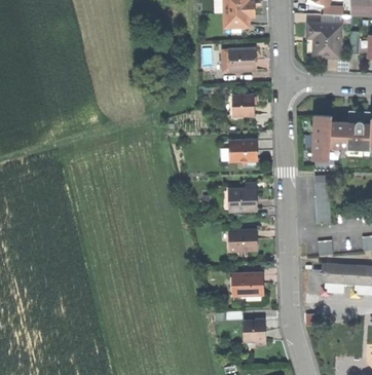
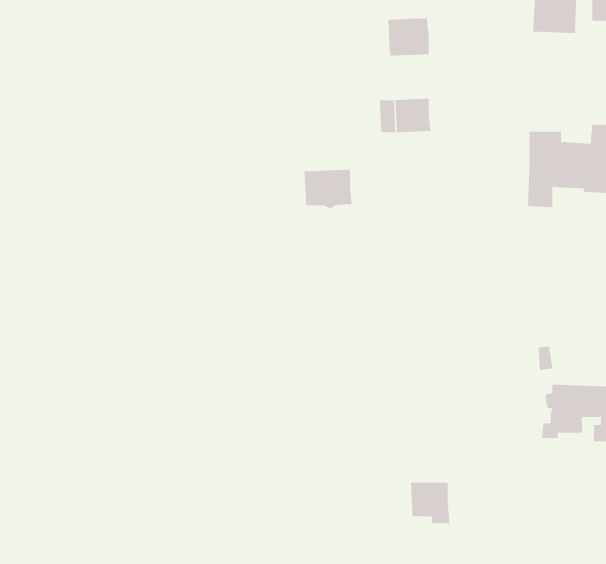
building: [229,141,258,164] -> [304,169,352,209]
building: [228,188,258,211] -> none
building: [229,230,258,252] -> none
building: [233,273,263,296] -> none

